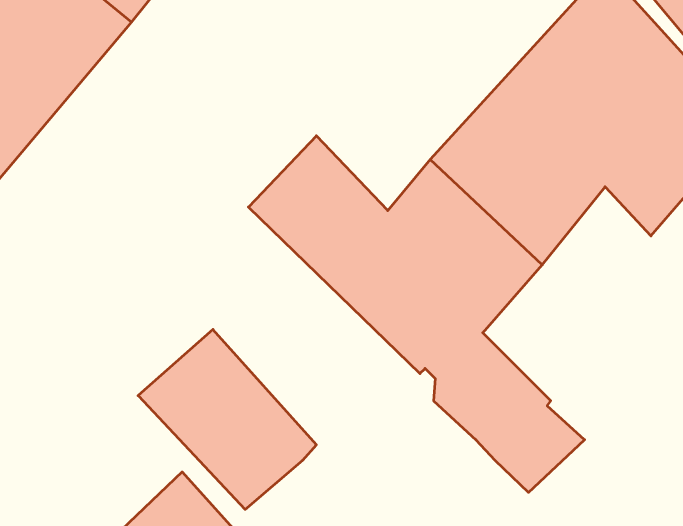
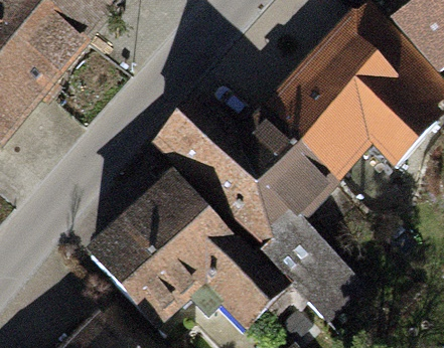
building: none -> [135,184,291,330]

